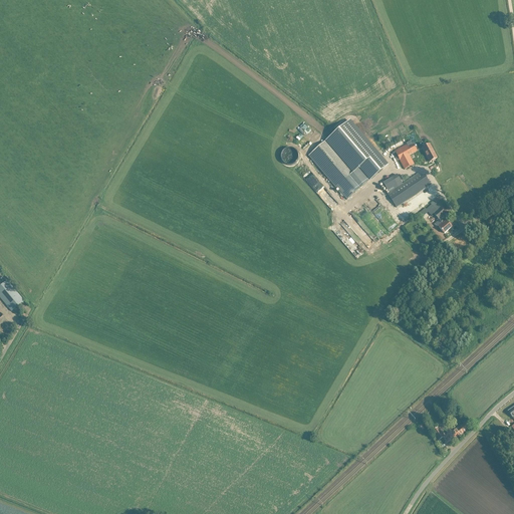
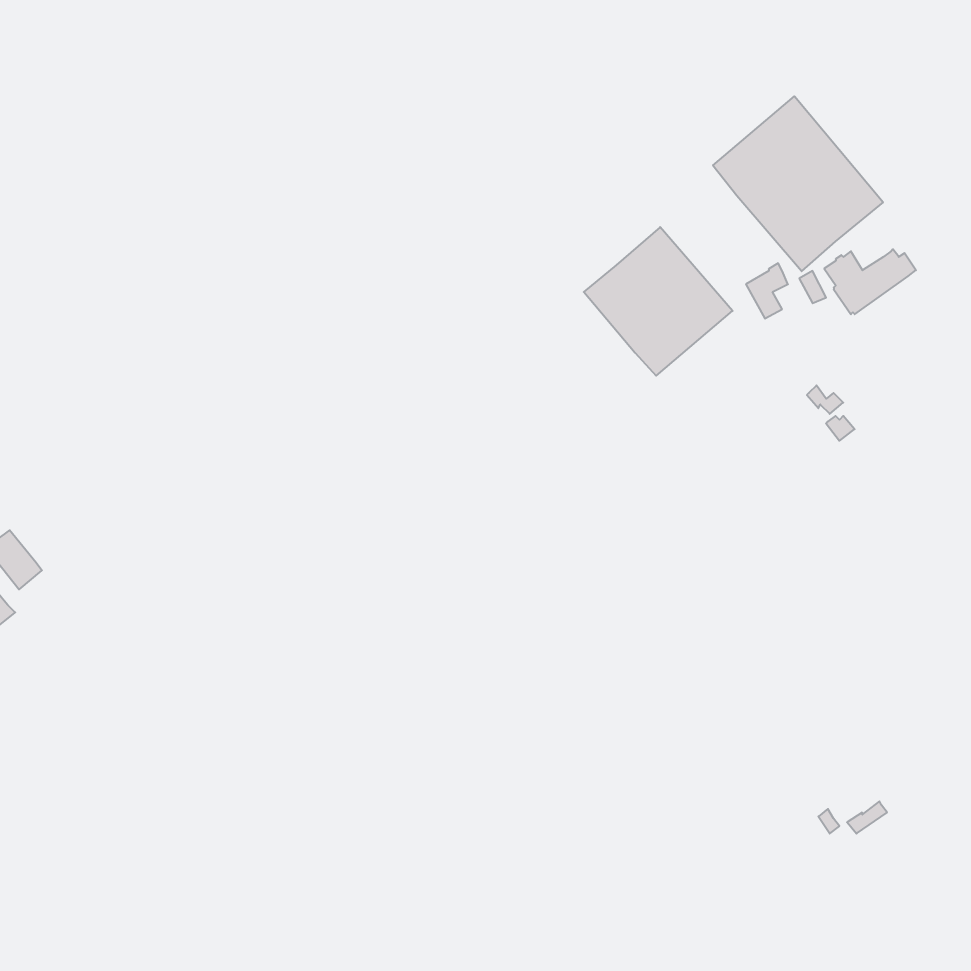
building: none -> [713,96,883,271]
building: [380,172,429,206] -> [824,249,916,314]

